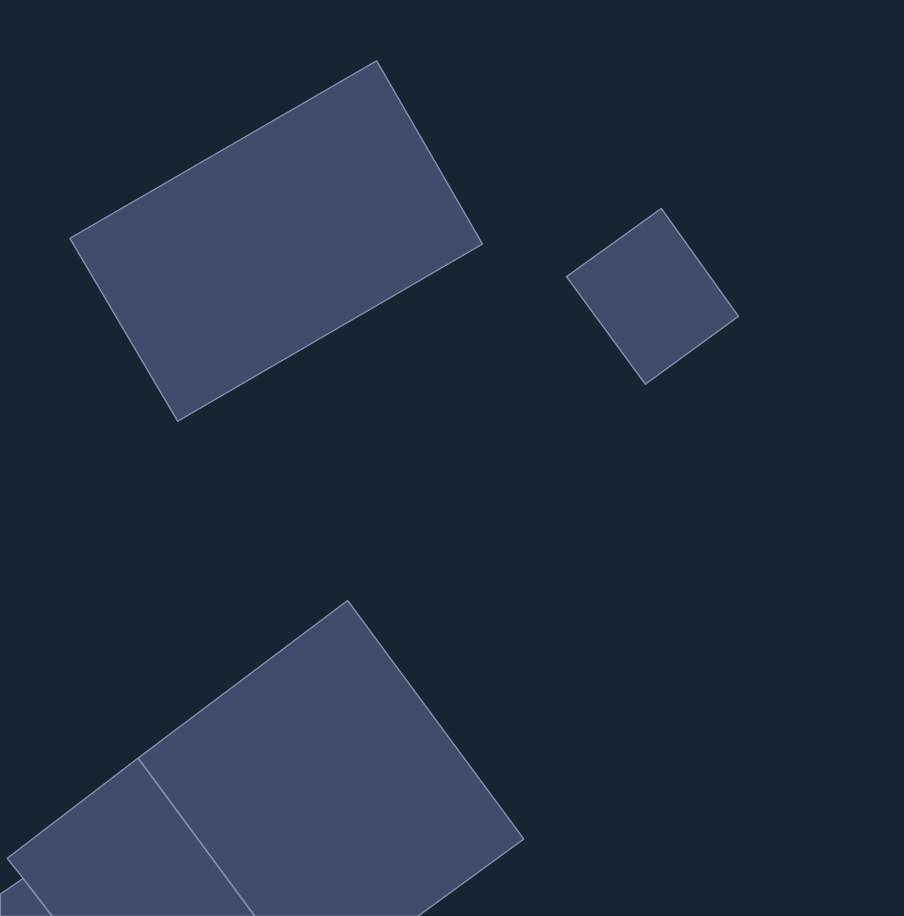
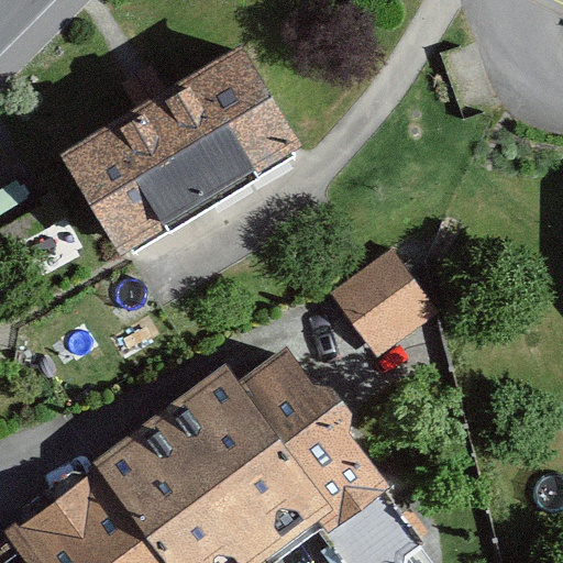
building: [566,209,739,384] -> [340,258,445,366]
building: none -> [239,360,399,542]

